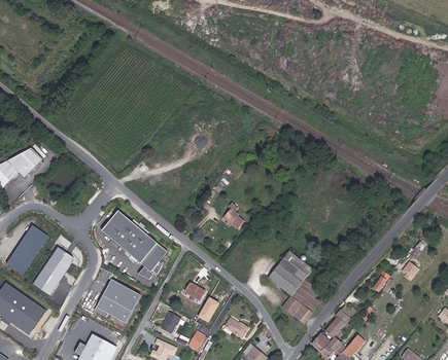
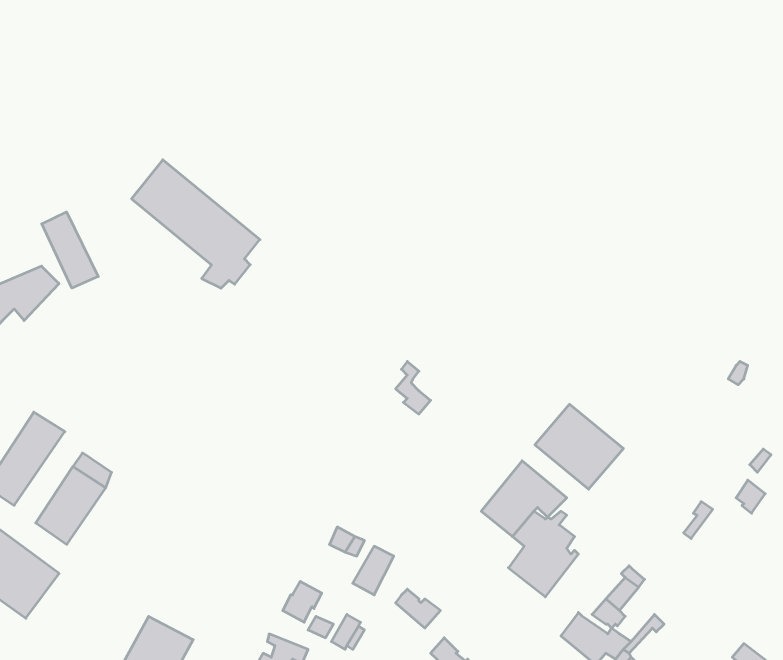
building: none -> [42,212,98,288]
building: [98,213,166,281] -> [132,160,260,288]
building: none -> [535,404,623,489]
building: [93,279,140,323] -> none

